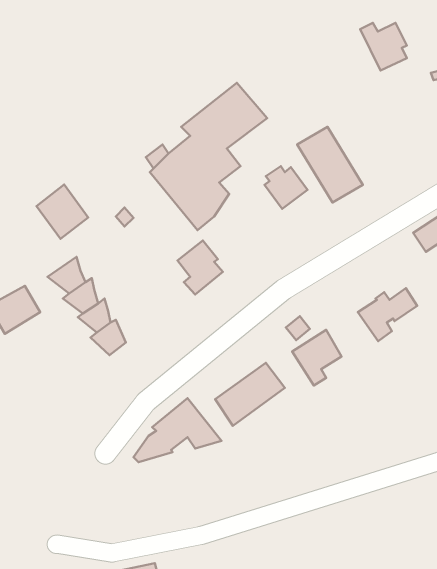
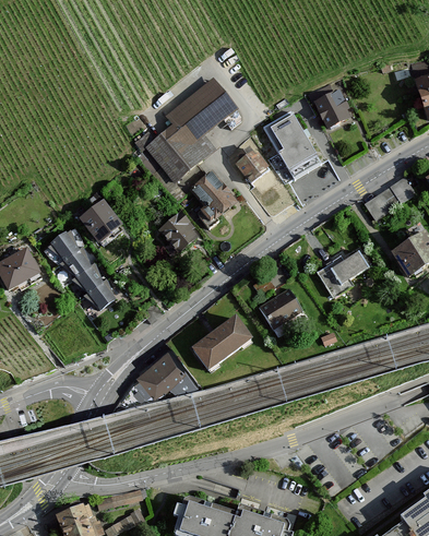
building: [360,23,407,71] -> [309,88,349,130]
building: [37,185,88,239] -> [78,199,122,246]
building: none -> [191,168,237,229]

